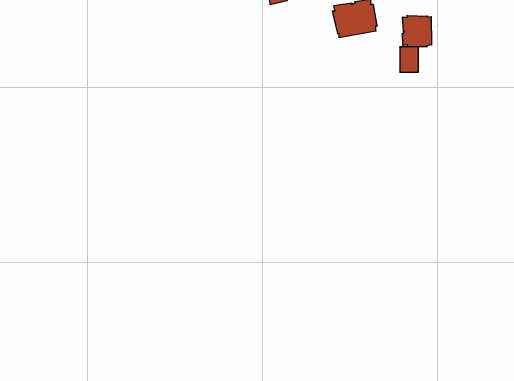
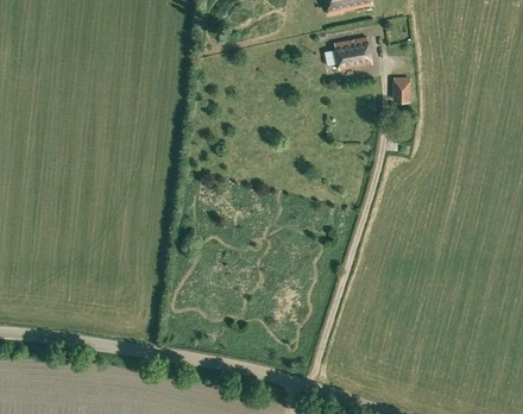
building: [403,15,432,47] -> none

